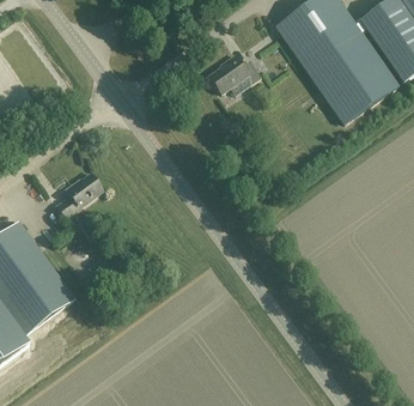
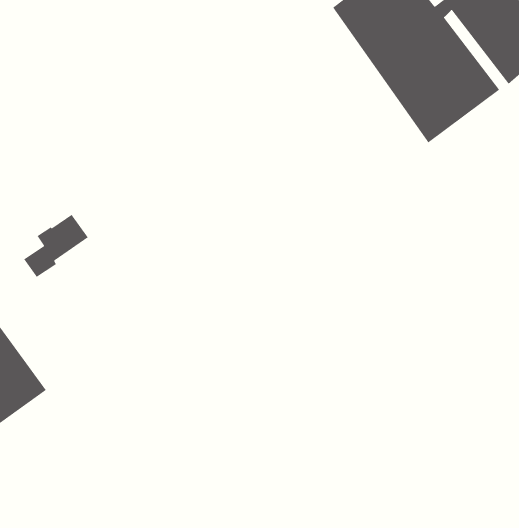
building: [208,54,261,98] -> none

